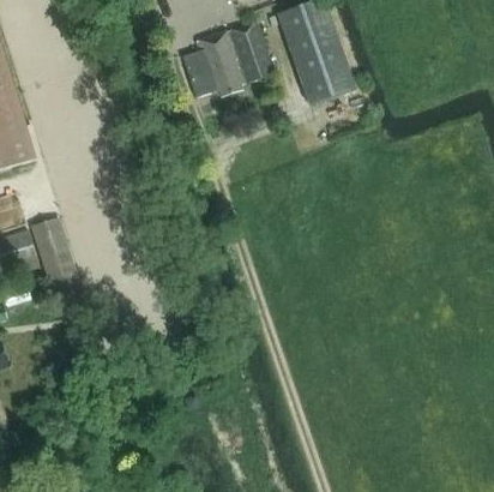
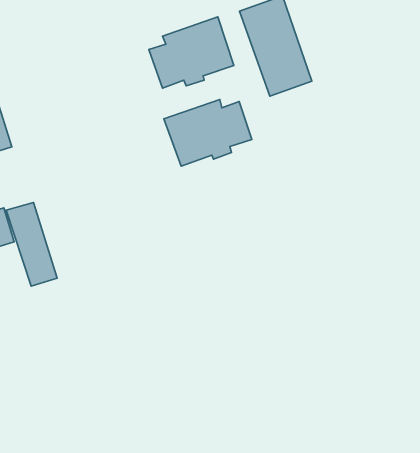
building: none -> [164,100,252,166]

